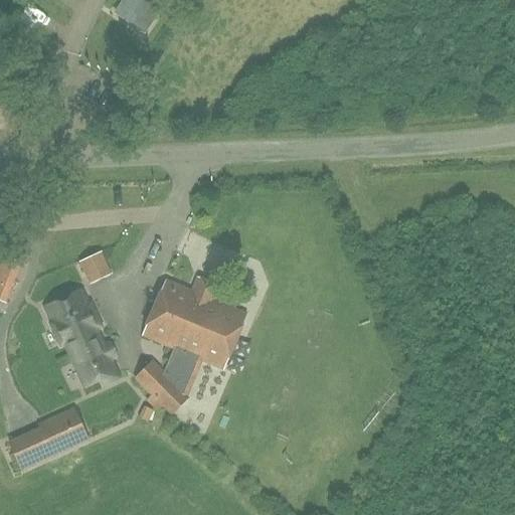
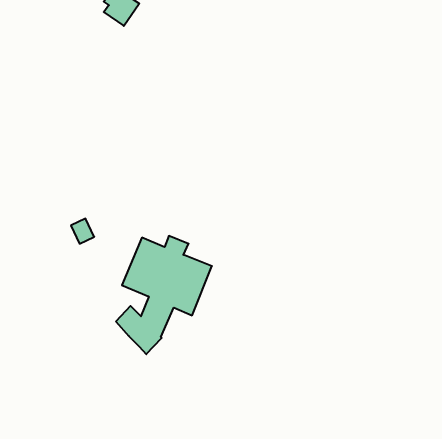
building: [46,292,117,383] -> none
building: [7,407,88,469] -> none

